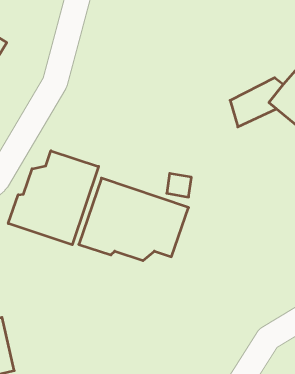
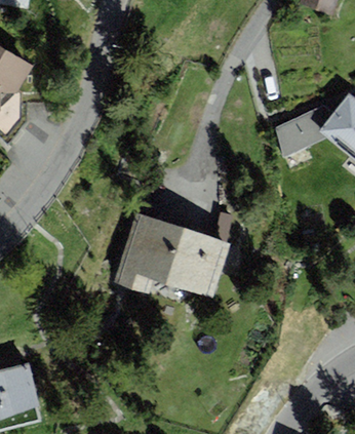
building: [8,151,99,245] -> none

